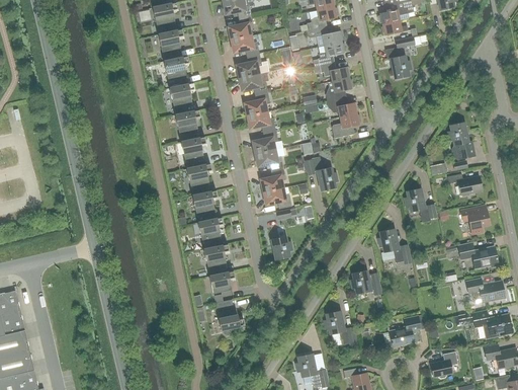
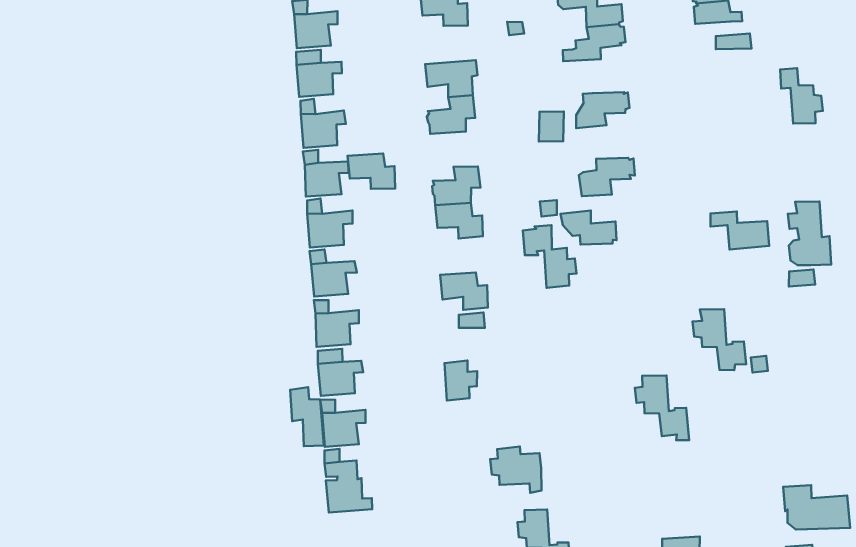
building: [384,48,411,78] -> [780,68,823,124]
building: [236,54,268,78] -> none
building: [314,62,350,81] -> none
building: [326,97,358,116] -> [561,211,617,244]
building: [247,111,275,132] -> [347,153,395,189]
building: [260,167,286,191] -> none
building: [447,173,482,194] -> [710,211,769,250]
building: [460,205,489,235] -> none
building: [457,242,498,268] -> none
building: none -> [290,387,324,446]
building: [350,270,380,295] -> [490,447,542,493]

